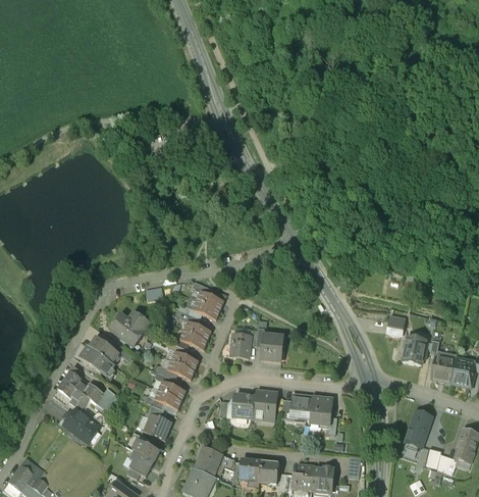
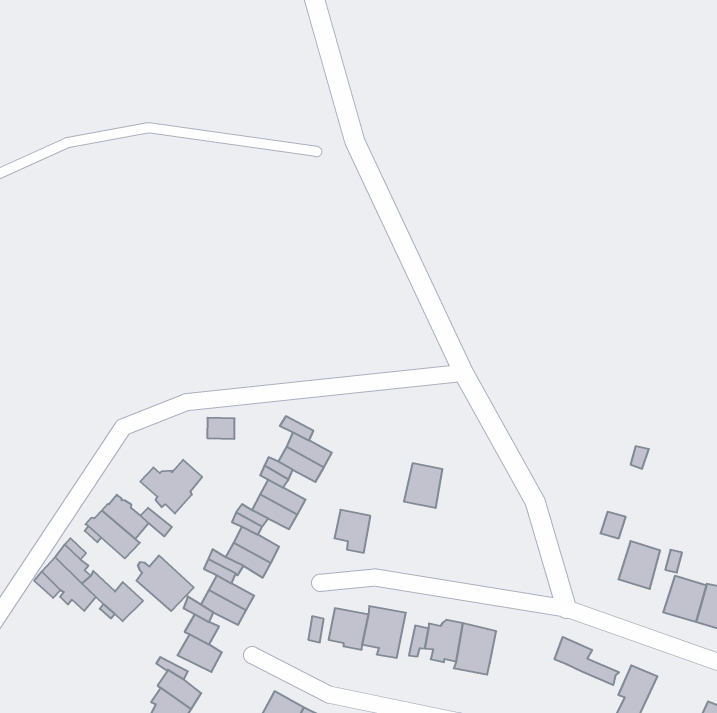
building: [262,335,283,360] -> [404,463,443,508]
building: none -> [555,637,619,685]
building: [64,409,99,442] -> [136,556,194,611]

